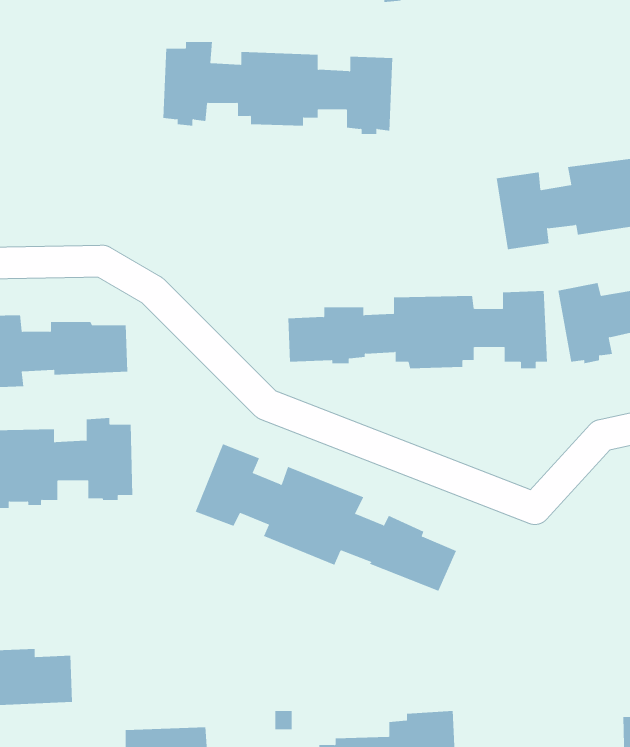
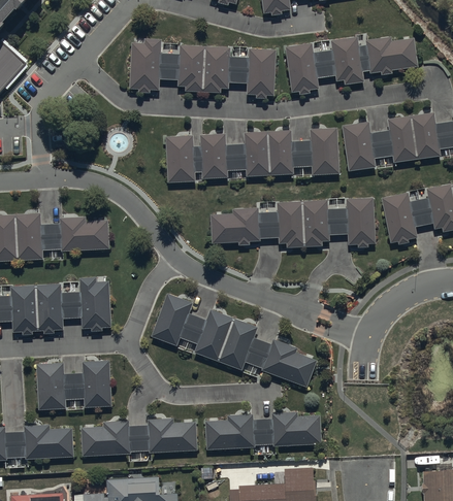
building: none -> [285,37,418,95]
building: none -> [164,128,338,182]
building: none -> [36,361,111,409]
building: none -> [206,413,323,450]
building: none -> [82,420,197,457]

